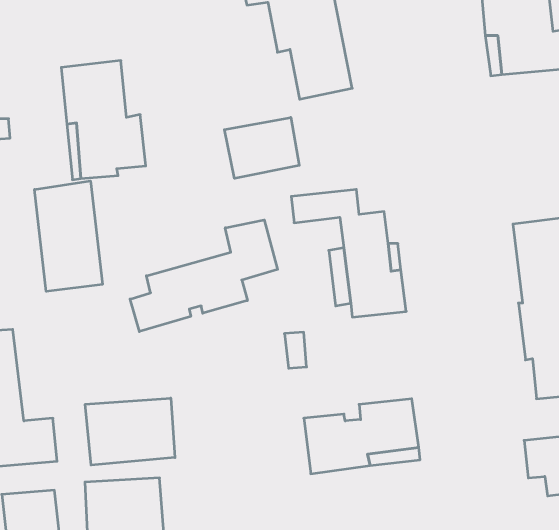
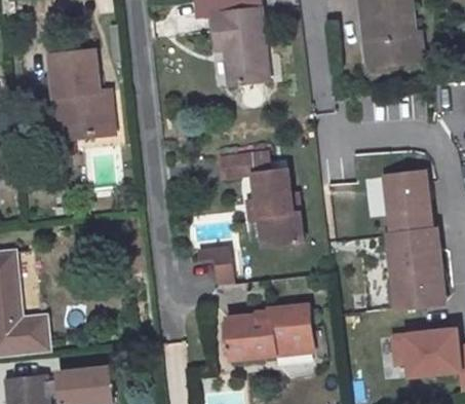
building: [224,117,299,178] -> none
building: [35,181,102,291] -> none
building: [130,220,278,332] -> none
building: [85,398,175,465] -> none

